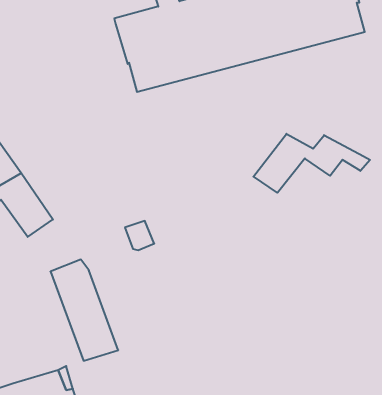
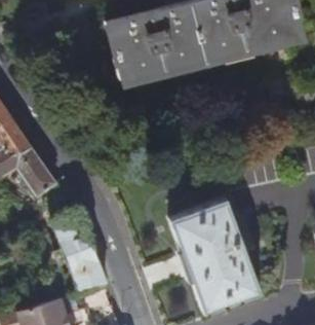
building: [253,134,370,193] -> none
building: none -> [172,200,264,315]

